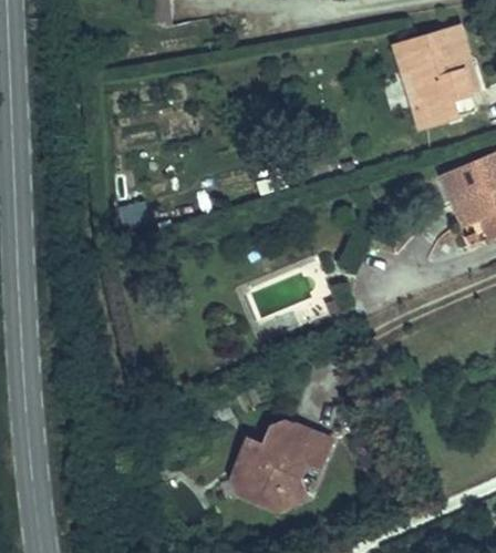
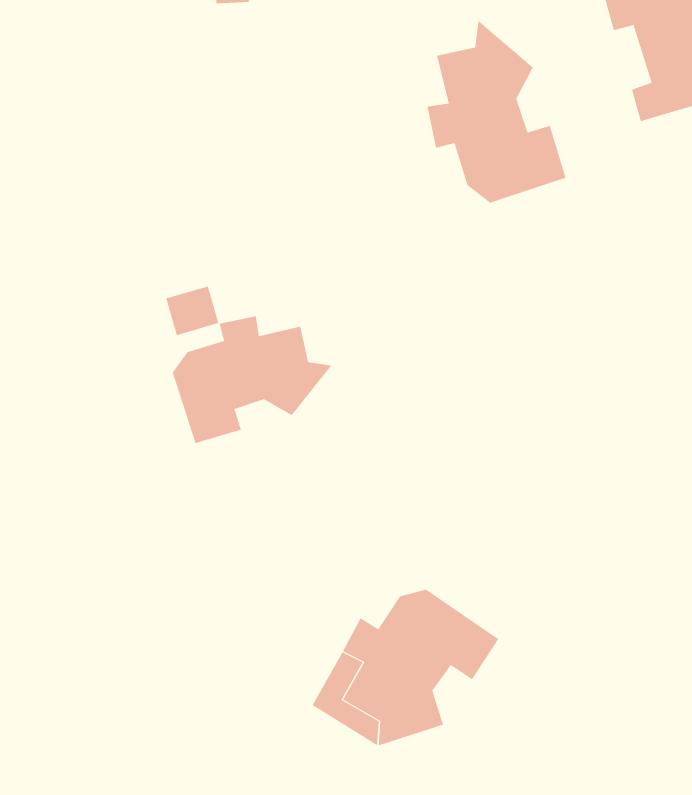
building: none -> [427,20,566,203]
building: none -> [172,316,332,444]

